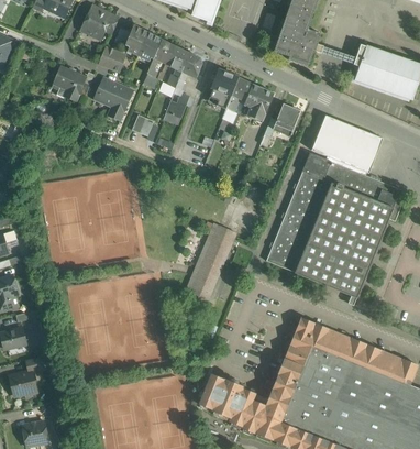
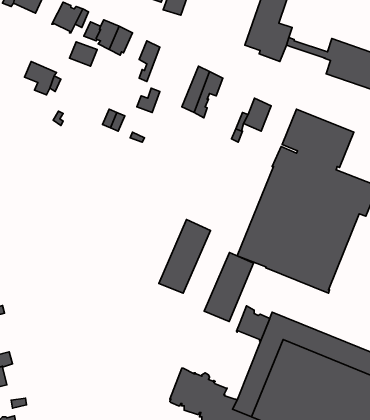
building: [146,39,175,77] -> none
building: [175,53,201,91] -> none
building: [95,78,131,119] -> none
building: [242,84,273,121] -> none
building: none -> [204,252,254,321]
building: none -> [236,306,270,342]

